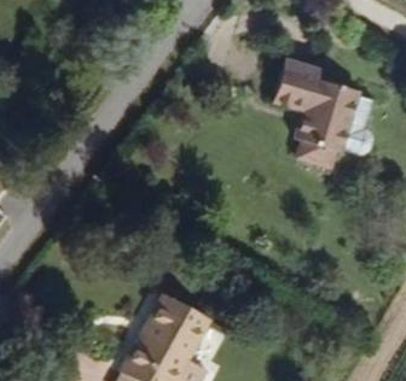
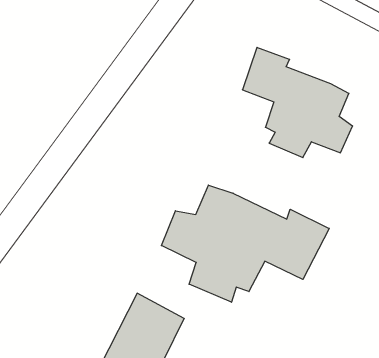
building: none -> [161,185,329,302]

